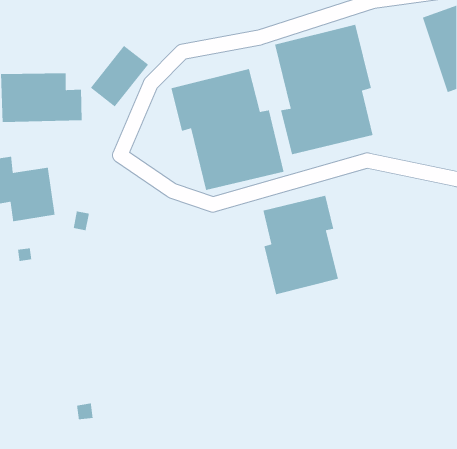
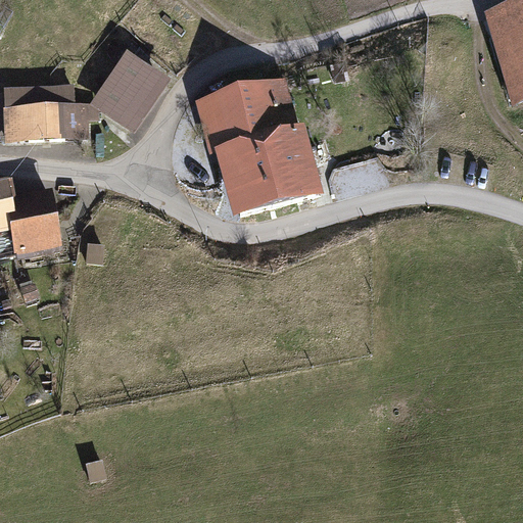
building: [274,24,373,155] -> none
building: [262,195,339,295] -> none

